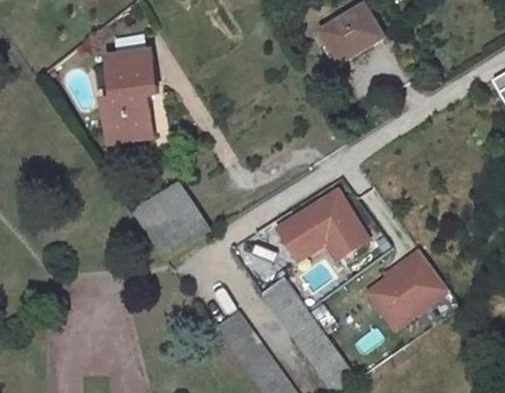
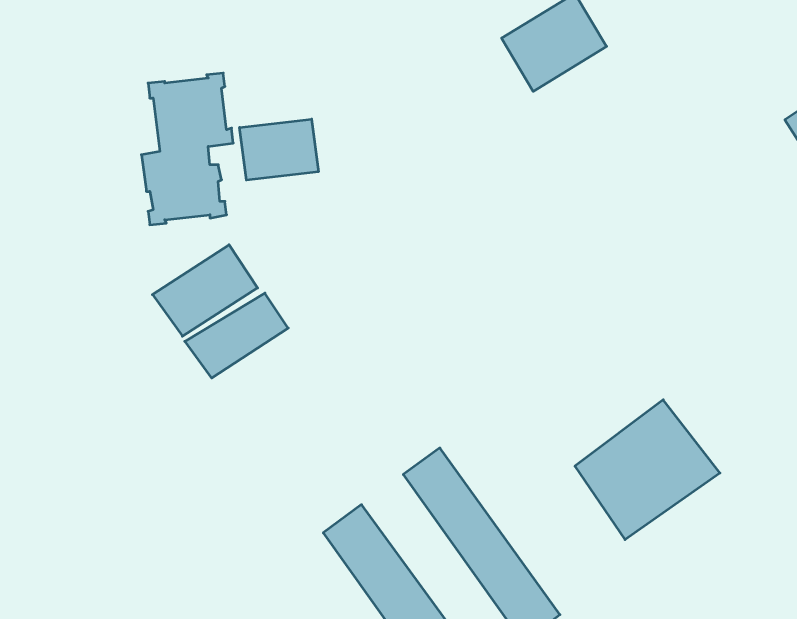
building: none -> [240,119,318,180]
building: [274,186,370,262] -> none
building: [146,204,209,259] -> [152,245,258,336]

